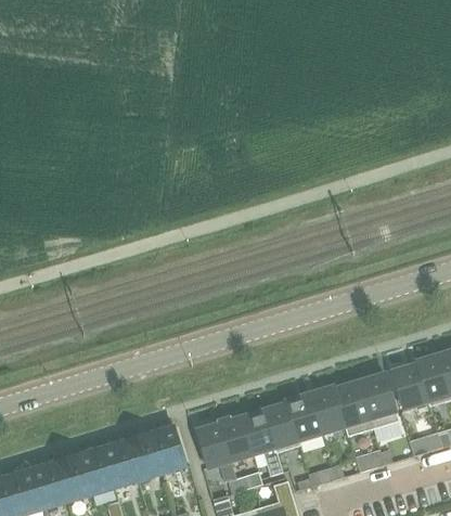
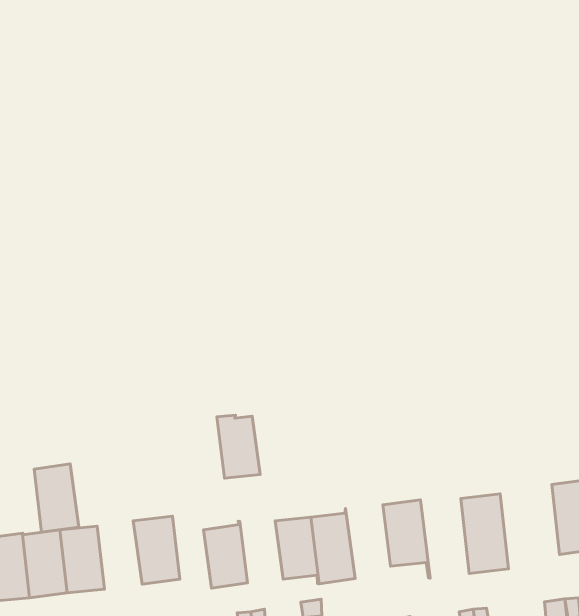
building: [391,361,429,408] -> none
building: [333,380,373,436] -> none
building: [285,394,321,444] -> none
building: [218,416,253,460] -> [217,415,260,478]
building: [126,433,162,480] -> [34,464,79,532]

